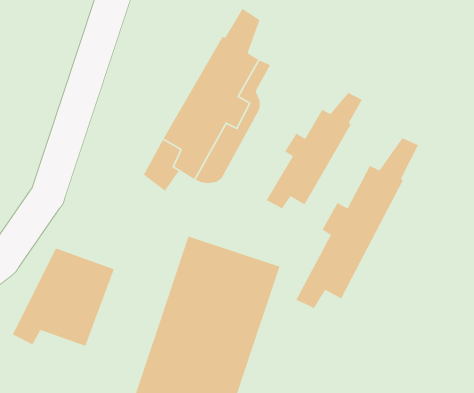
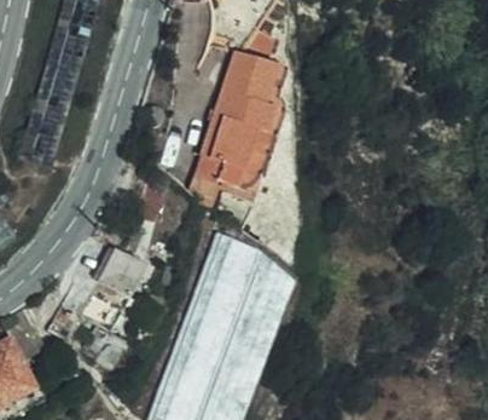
building: [265,92,363,209] -> none
building: [295,137,419,309] -> none

